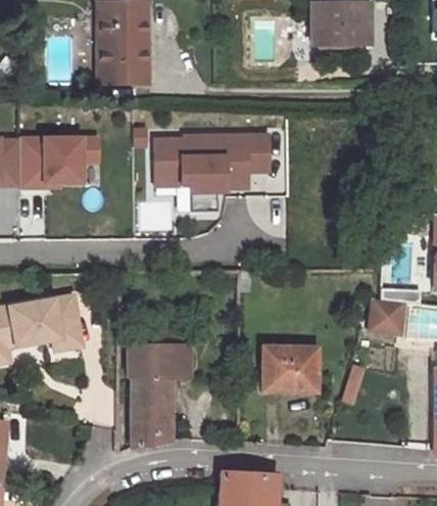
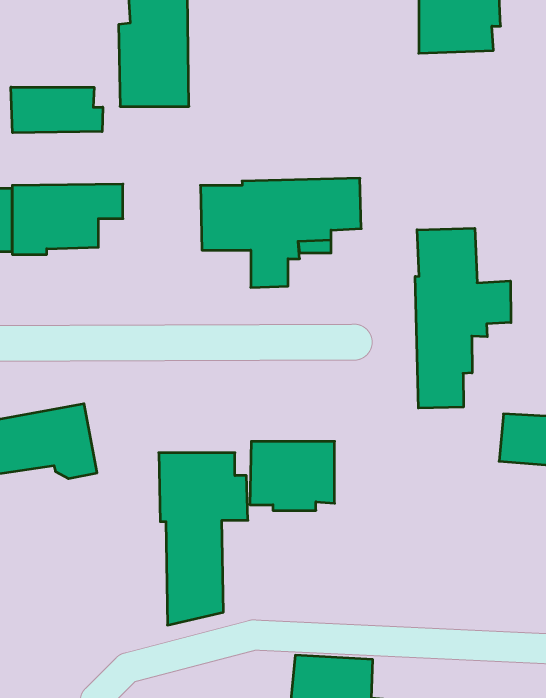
building: none -> [11,87,103,133]
building: none -> [415,228,511,408]
building: [260,344,321,394] -> [250,441,335,510]

